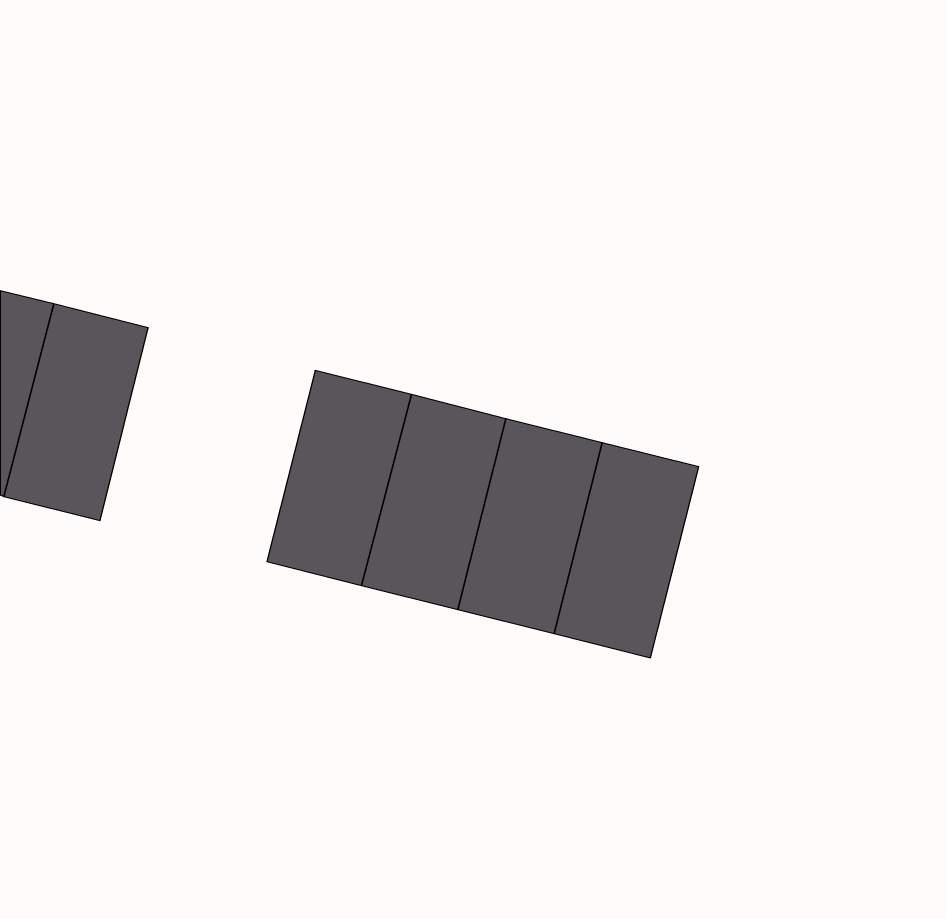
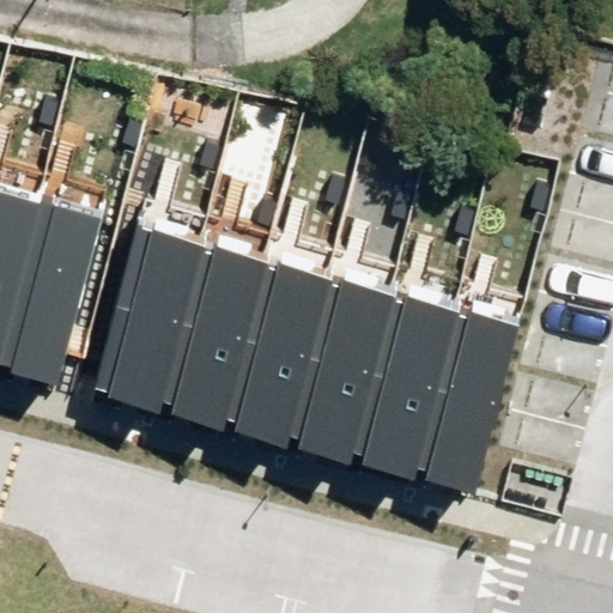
building: none -> [110,242,204,381]
building: none -> [420,320,514,459]

